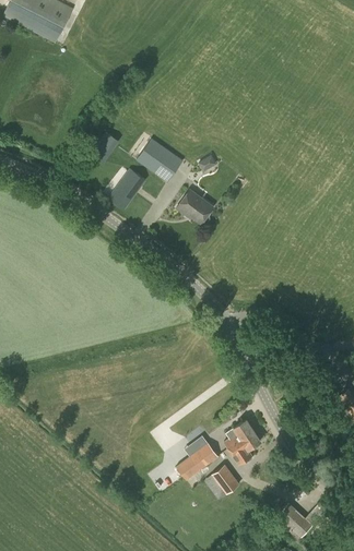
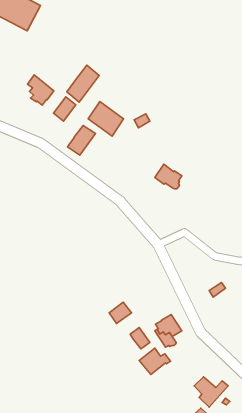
building: none -> [67,65,99,102]
building: none -> [27,75,54,105]
building: [177,190,213,223] -> [155,164,182,189]
building: [176,451,205,479] -> [109,302,131,323]

